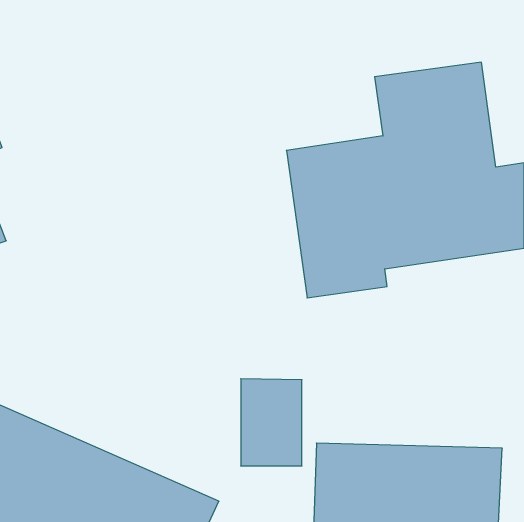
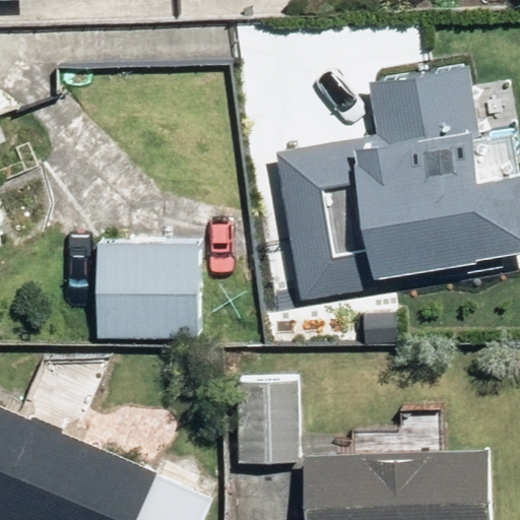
building: none -> [96,245,198,342]

